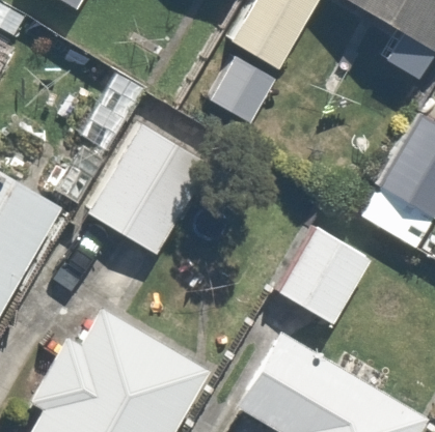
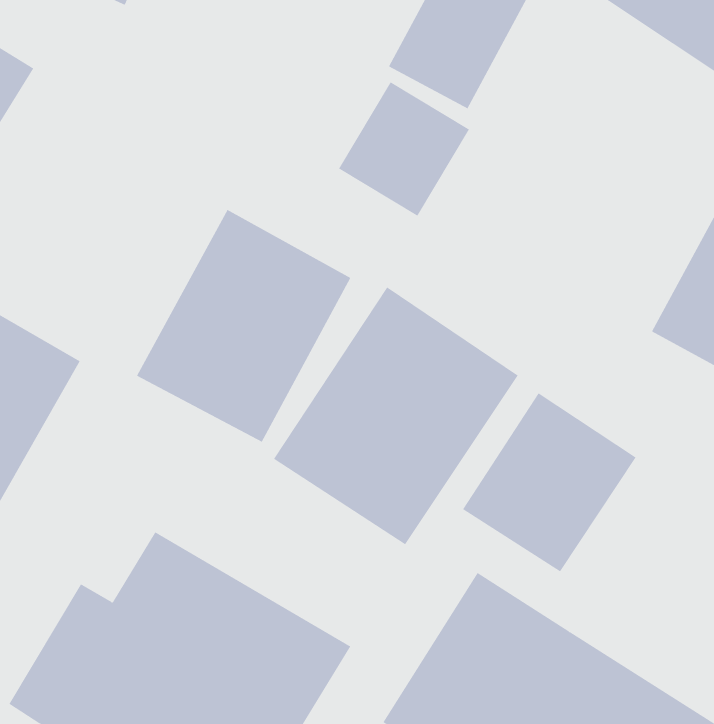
building: none -> [273,286,518,545]

